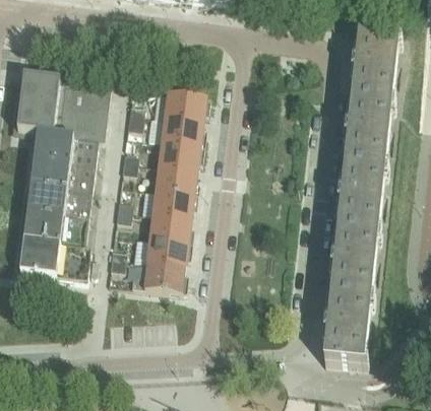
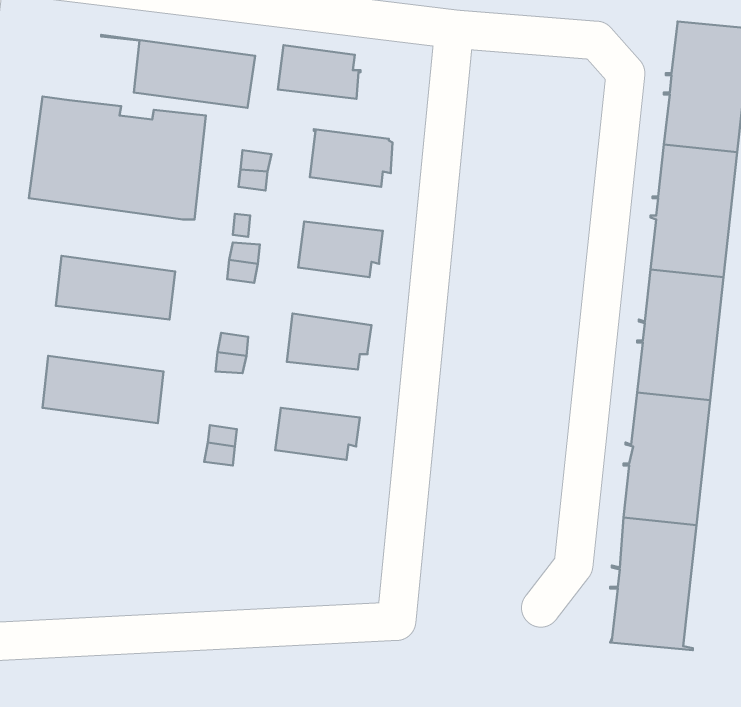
building: [162,112,205,140] -> [278,45,361,99]
building: [16,123,98,161] -> [101,35,255,108]
building: [156,159,199,190] -> none
building: [26,180,90,214] -> none
building: [149,209,193,238] -> none
building: [19,233,90,274] -> none
building: [131,256,187,286] -> none

